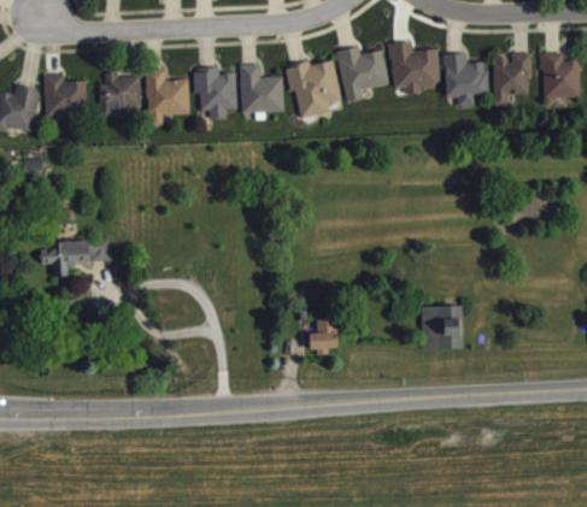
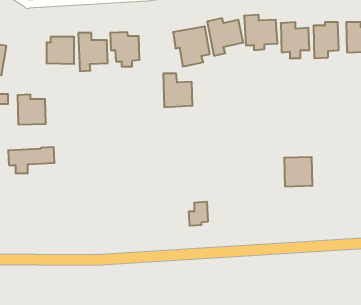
building: [240,64,283,113] -> [163,74,193,107]
building: [45,73,87,118] -> [17,94,46,125]
building: [421,306,463,349] -> [284,157,313,186]

